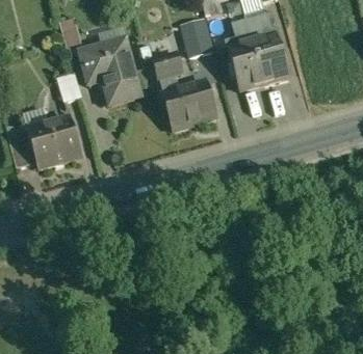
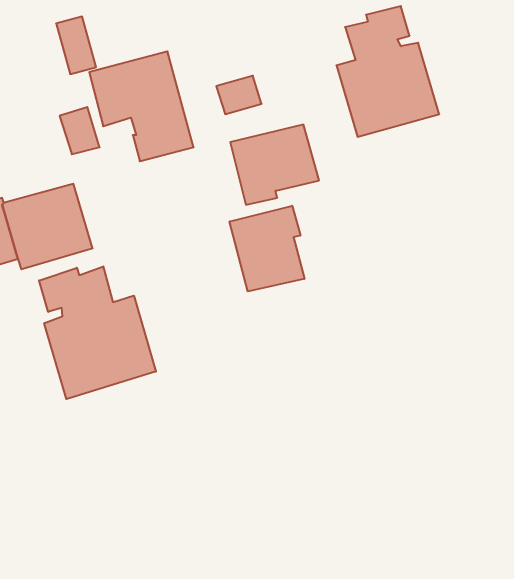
building: [181,19,214,57] -> none
building: none -> [230,206,304,291]
building: none -> [39,266,156,399]

